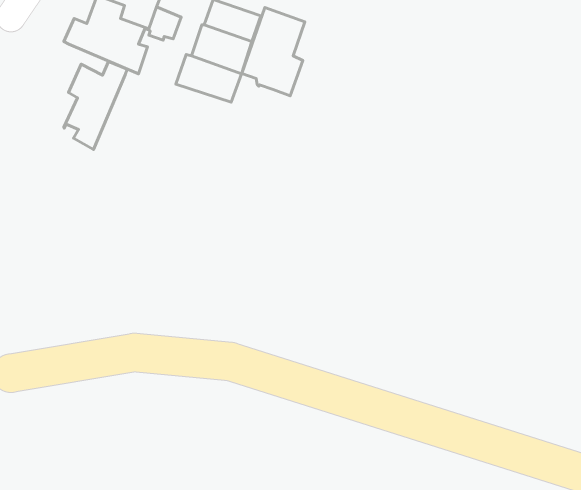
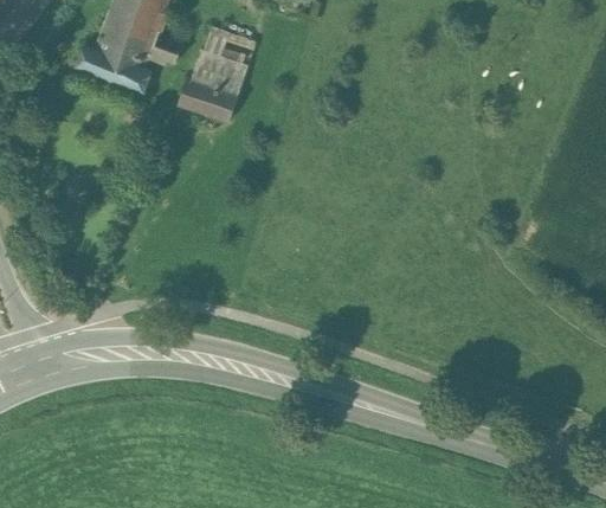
building: [242,7,305,96] -> none
building: [64,62,127,149] -> none

